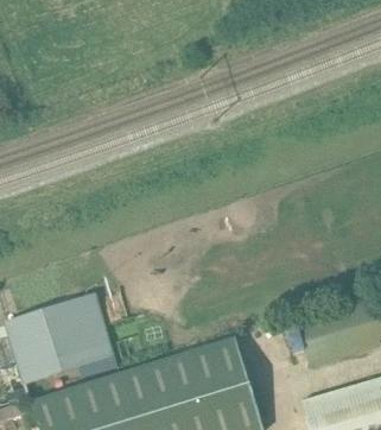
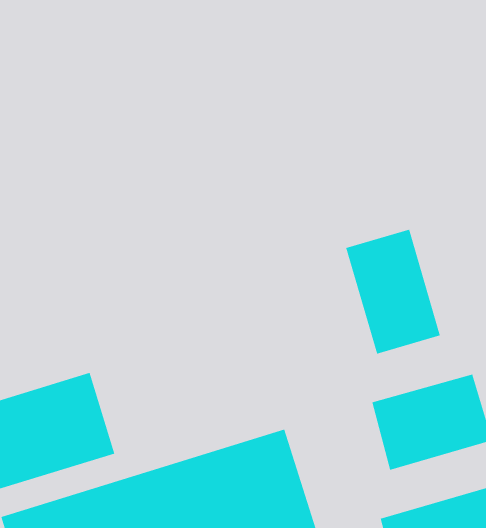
building: none -> [346,229,441,354]

